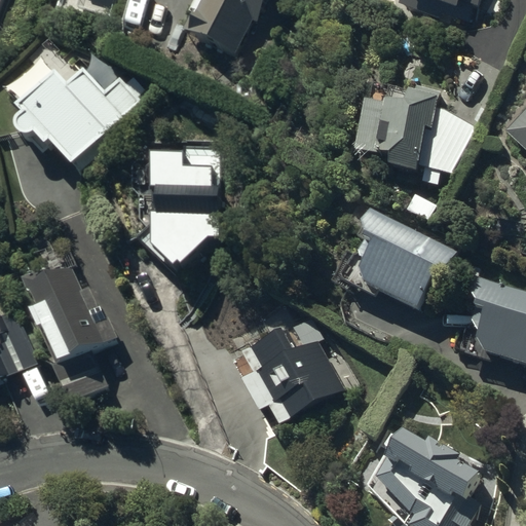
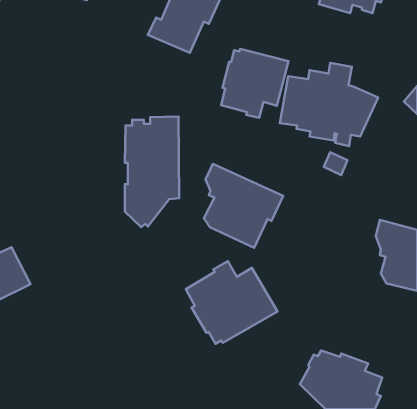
building: none -> [221,49,288,118]
building: [12,65,144,173] -> none
building: [354,205,453,310] -> [204,164,283,248]
building: [22,264,116,398] -> none

